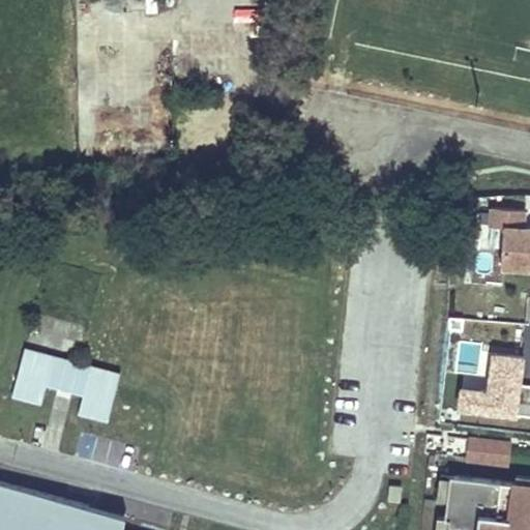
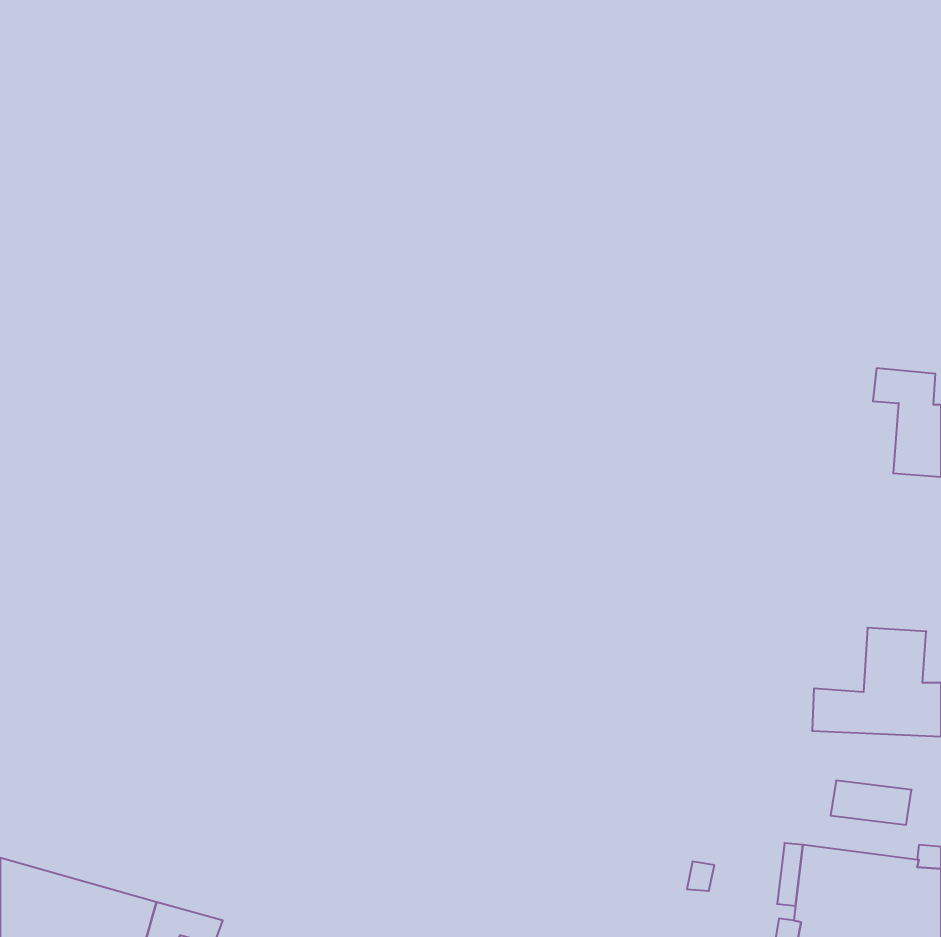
building: [11,350,120,424] -> none

